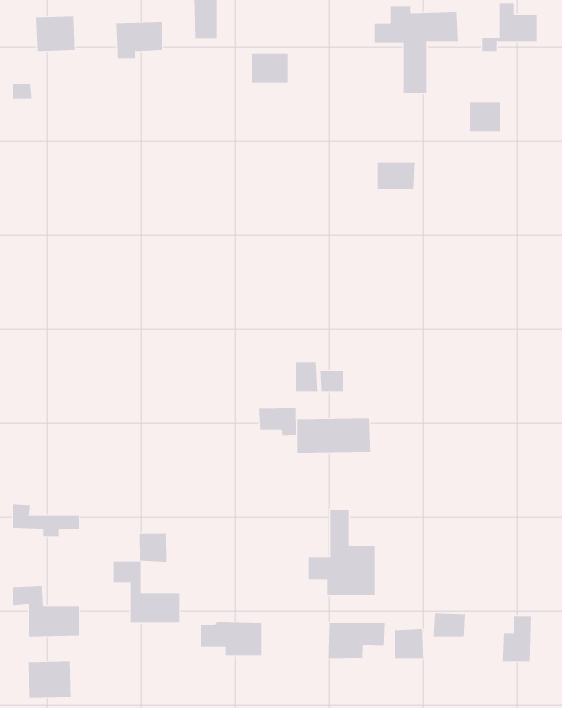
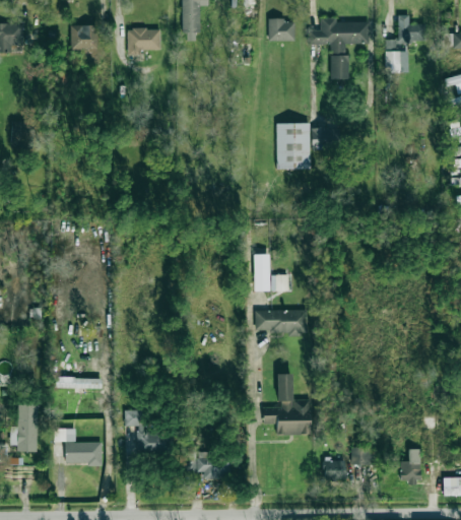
building: [251,53,288,83] -> [268,19,294,41]
building: [469,102,501,132] -> [386,51,408,72]
building: none -> [276,123,310,169]
building: [259,407,296,436] -> none
building: [139,533,167,563] -> none
building: [328,622,385,659] -> none
building: [28,661,71,699] -> none

